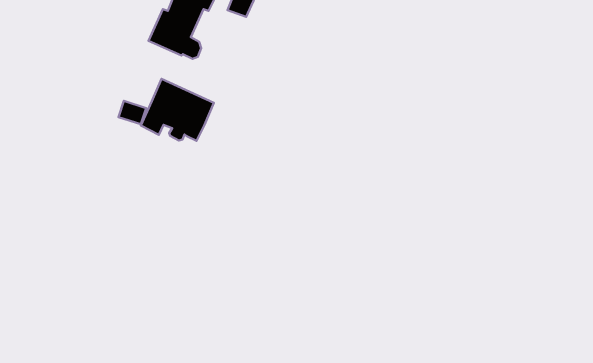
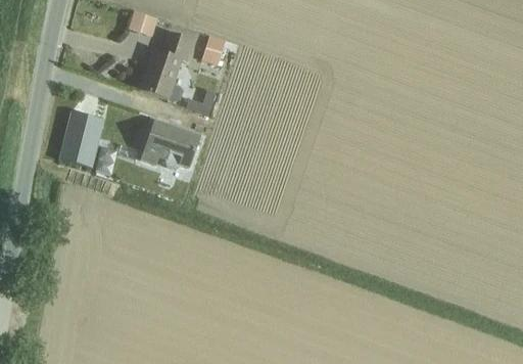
building: none -> [62,111,104,166]

